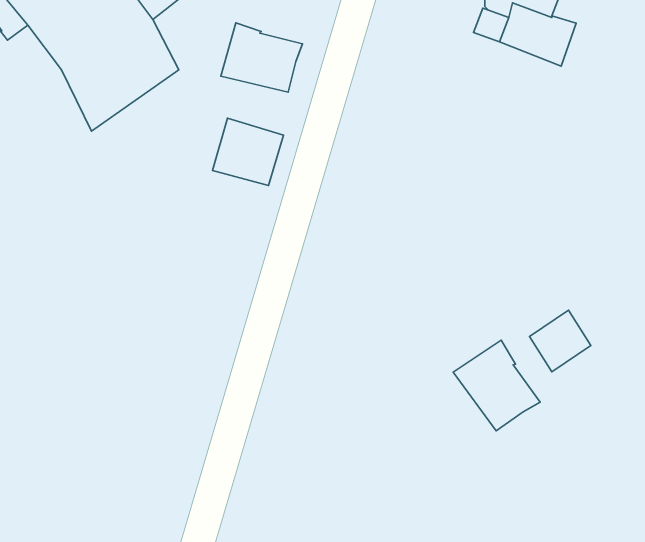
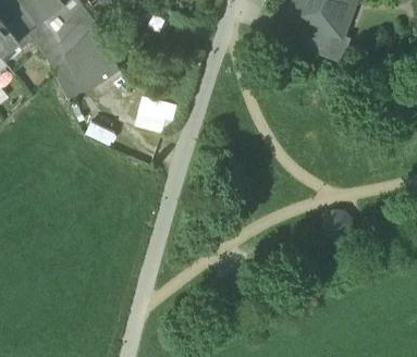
building: [221,23,303,92] -> none
building: [453,340,540,431] -> none

